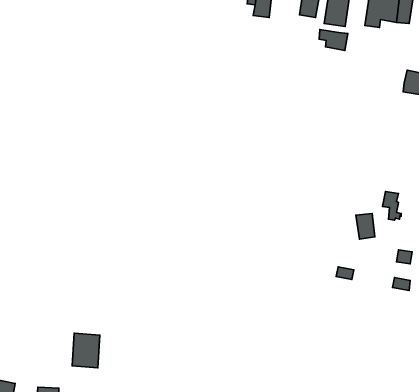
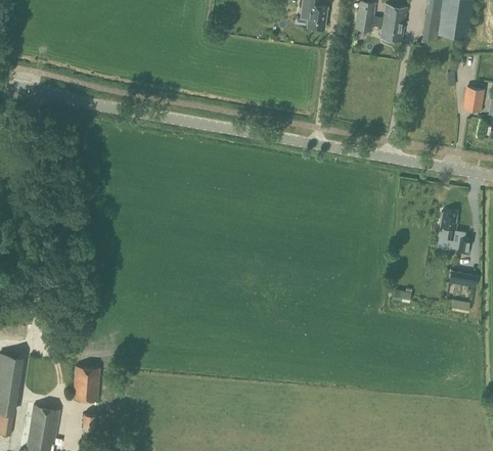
building: [319,29,348,50] -> none
building: [356,214,375,239] -> none
building: [72,333,100,368] -> [73,366,101,402]

